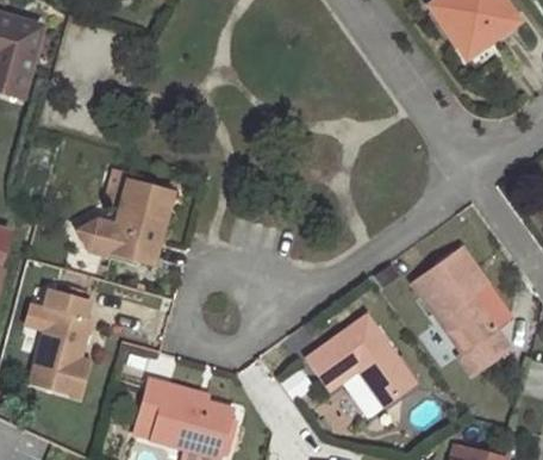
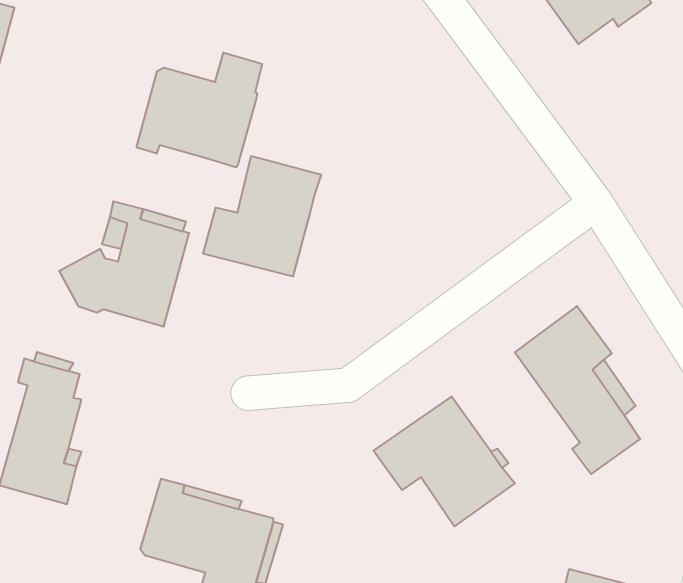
building: none -> [137,52,262,167]
building: none -> [203,156,321,276]

